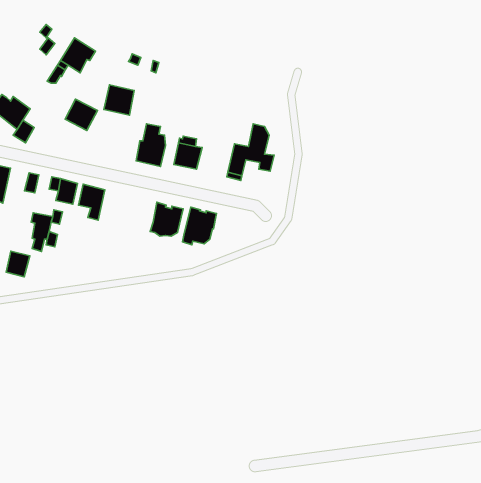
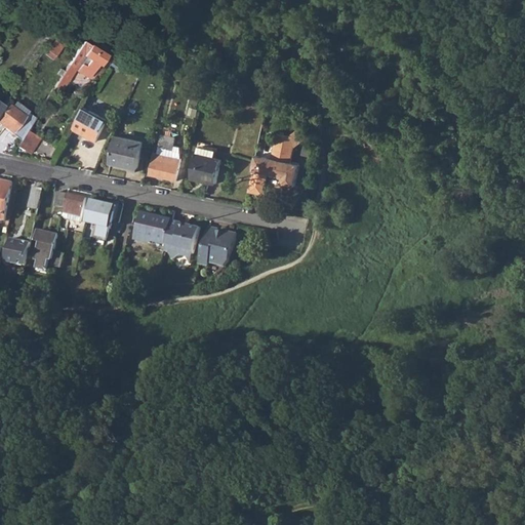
building: [104,85,134,115] -> [108,136,140,169]
building: none -> [135,213,170,243]
building: [6,251,30,277] -> [4,238,30,266]

